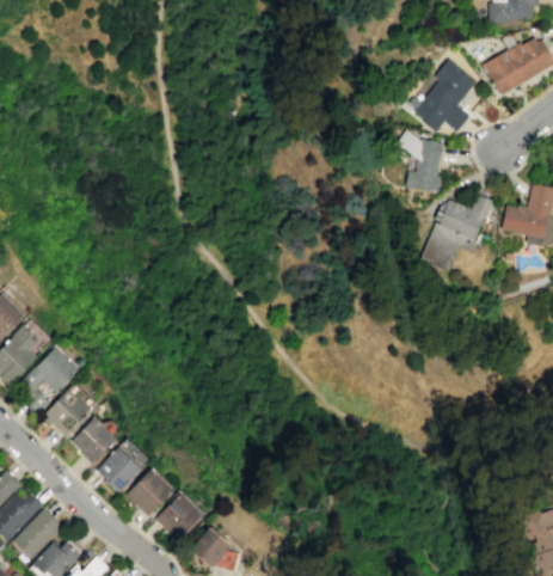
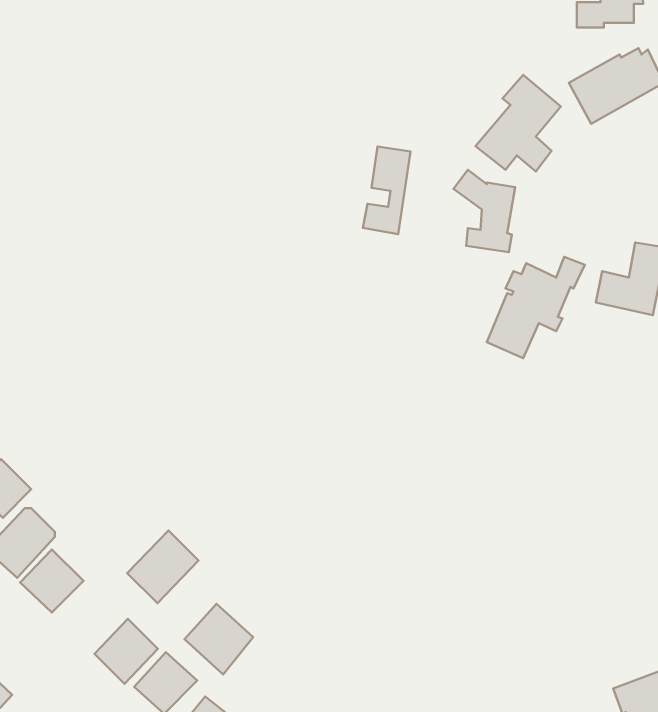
building: none -> [363,147,410,234]
building: [97,437,150,492] -> [127,530,198,603]
building: none -> [184,604,253,674]

